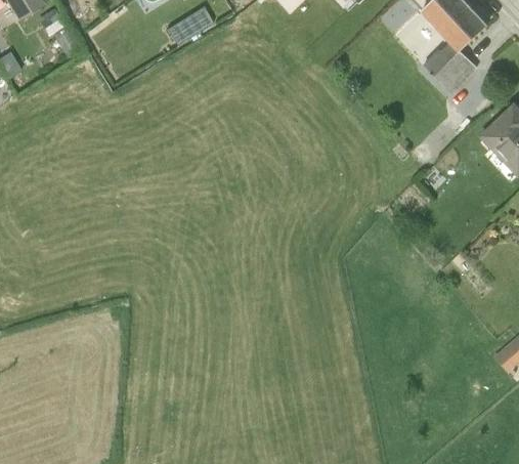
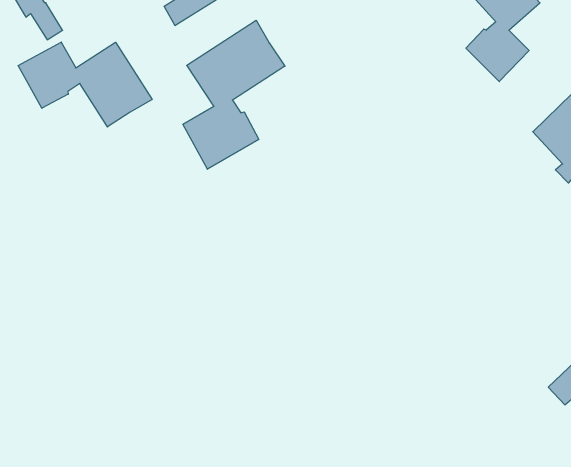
building: none -> [183,20,285,169]
building: none -> [18,42,152,127]

